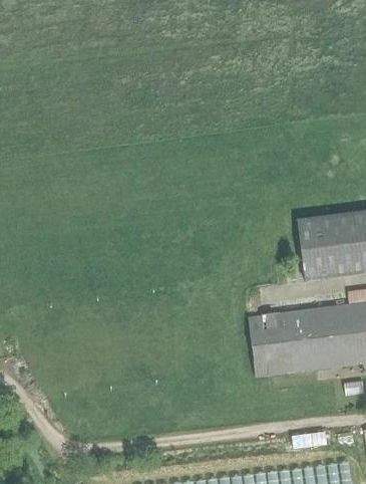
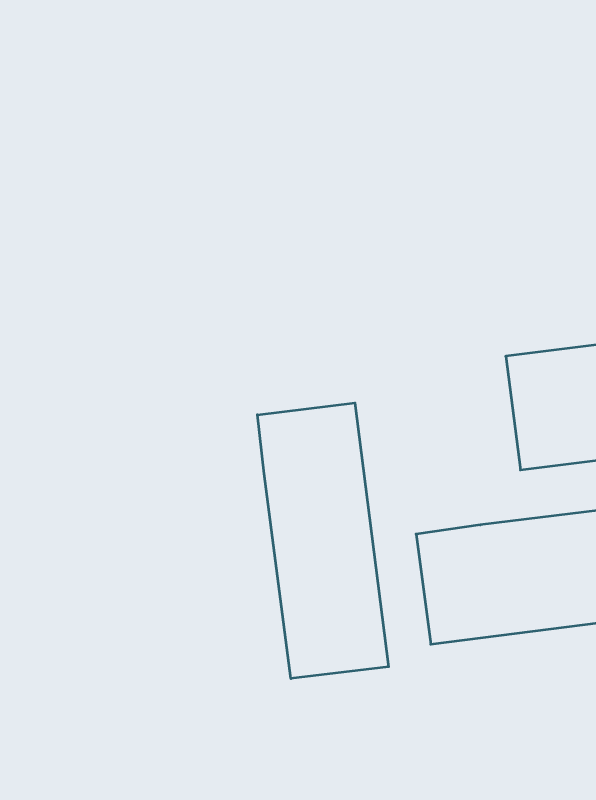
building: none -> [257,403,389,679]

